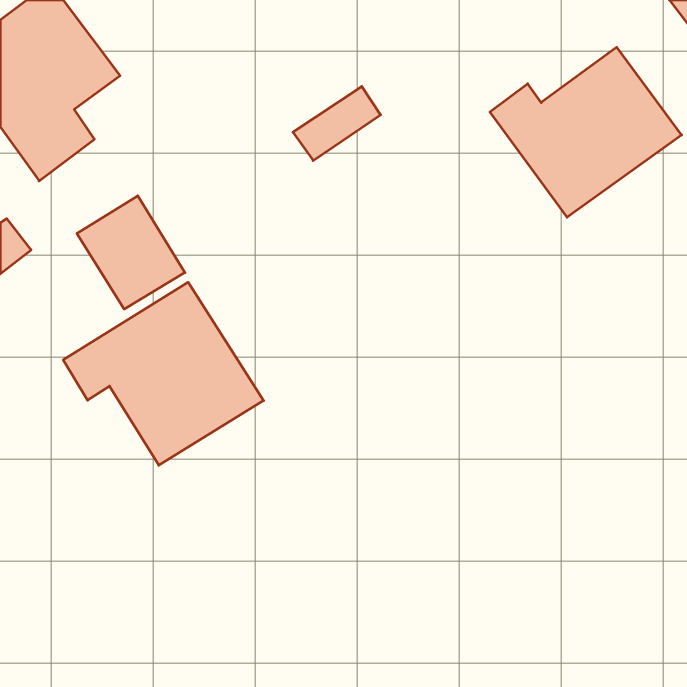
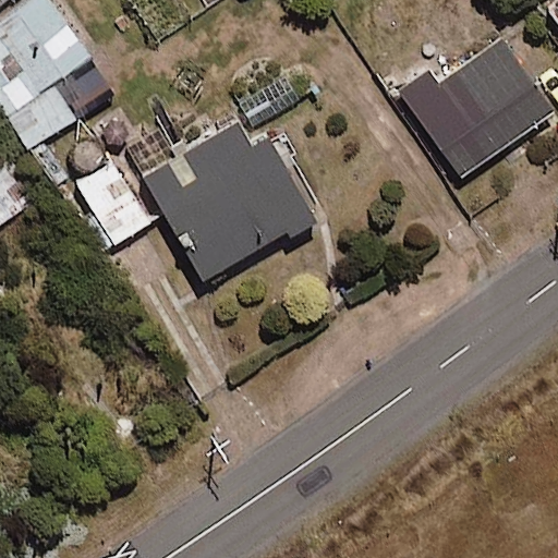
building: none -> [144,122,313,279]
building: [63,282,264,465] -> none

